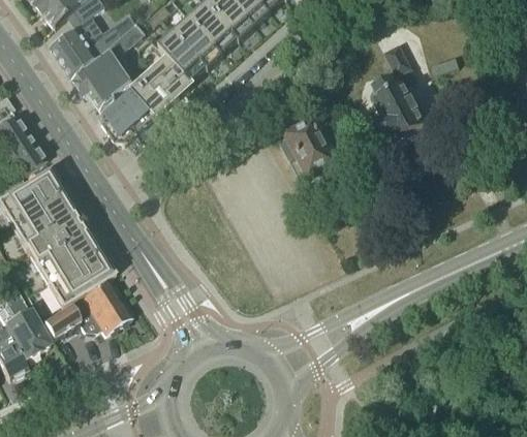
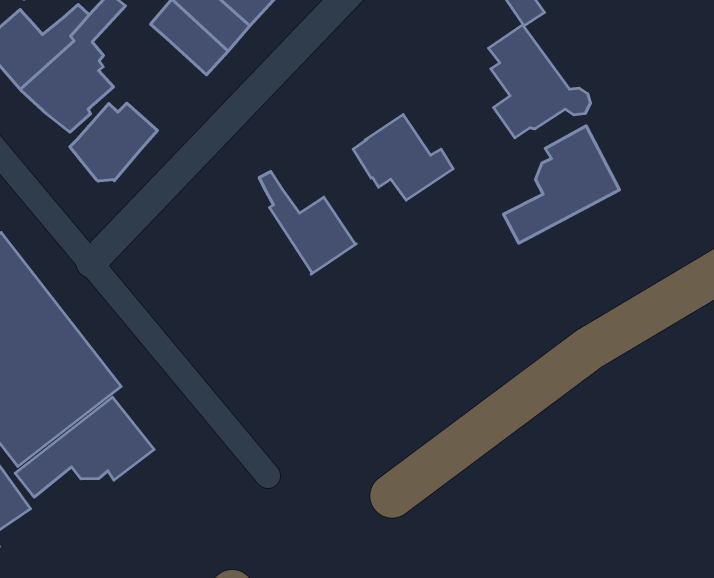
building: [133,55,191,113] -> none
building: none -> [504,126,620,243]
building: none -> [259,172,356,274]

